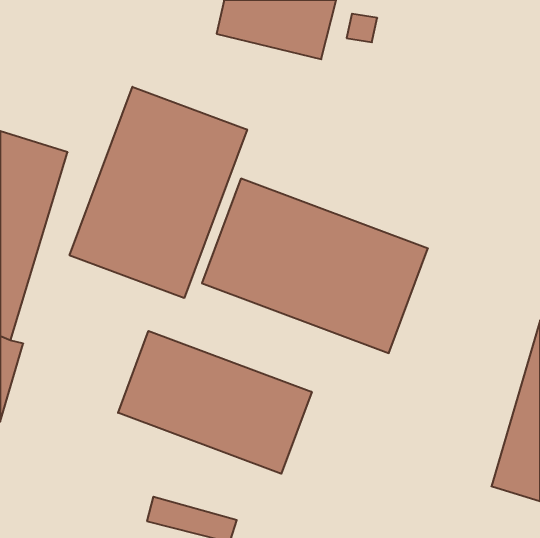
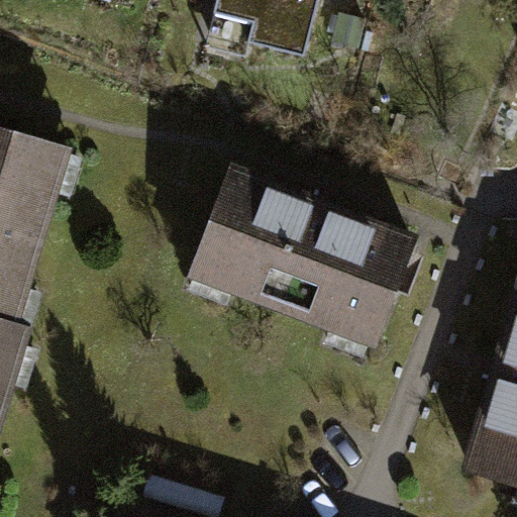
building: [70,87,247,298] -> none
building: [118,331,312,474] -> none

